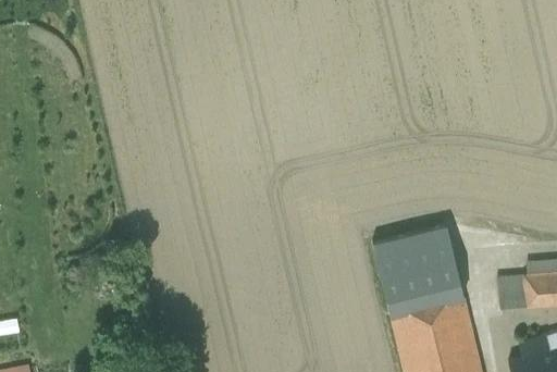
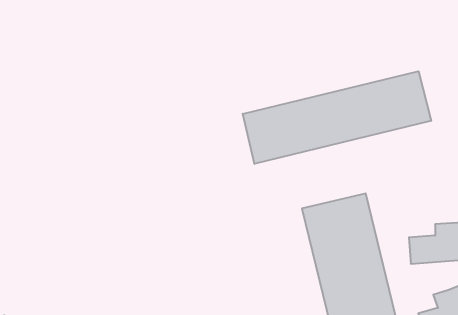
building: none -> [243,71,431,164]

